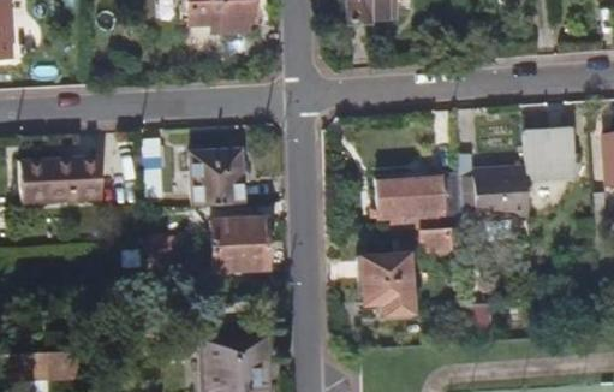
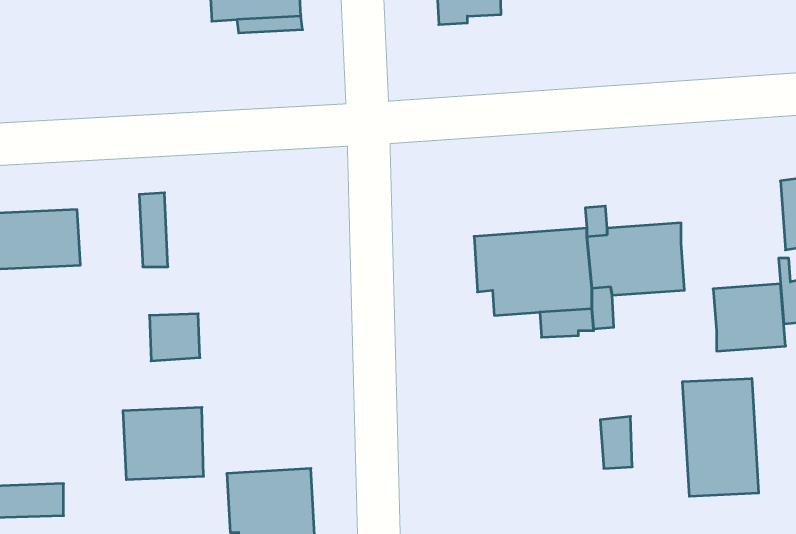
building: [524,132,576,180] -> [713,284,786,351]
building: [187,150,242,207] -> none
building: [207,219,264,271] -> [123,407,204,480]
building: [363,255,413,315] -> none
building: none -> [683,378,759,496]

